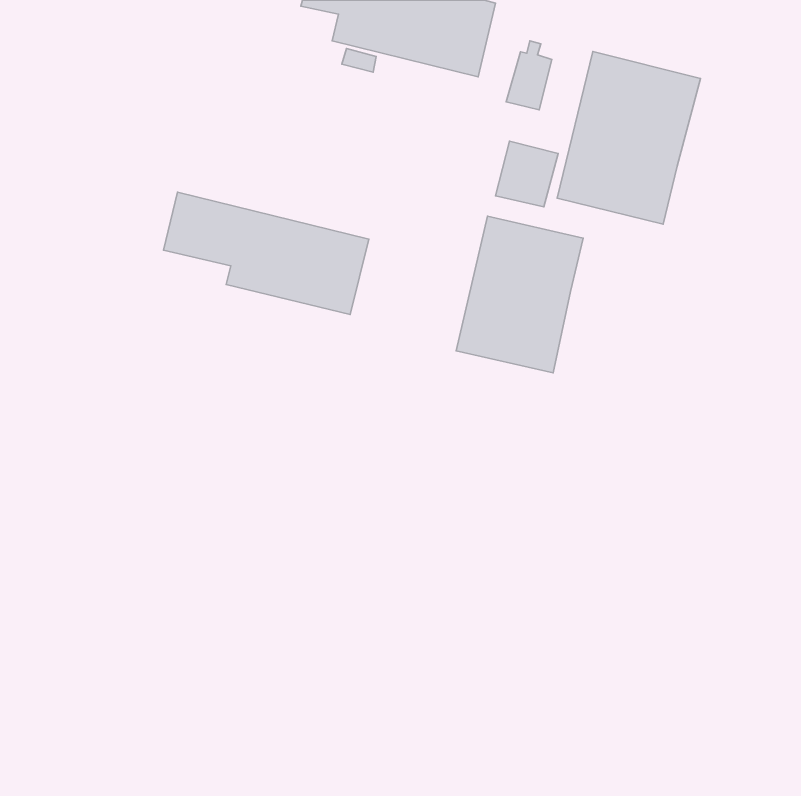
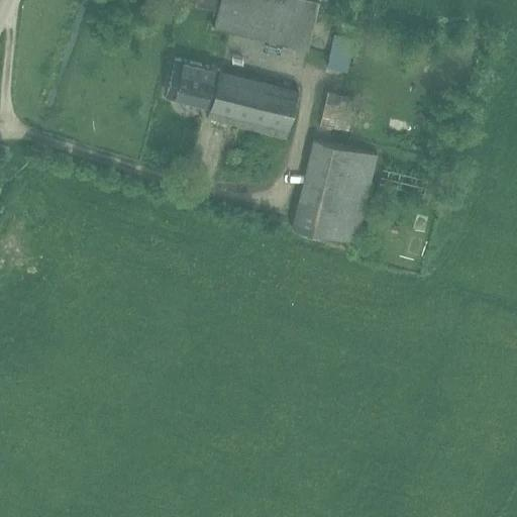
building: [557,52,701,224] -> none
building: [163,192,369,314] -> [167,61,299,139]

